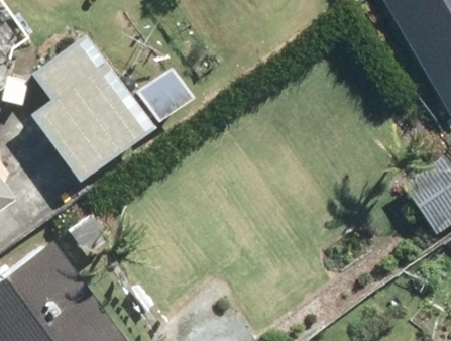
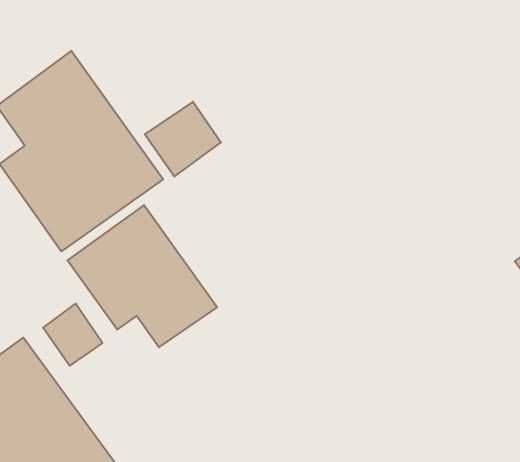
building: none -> [67,205,217,347]

